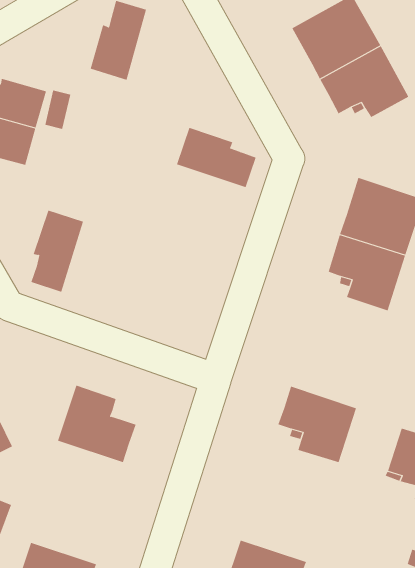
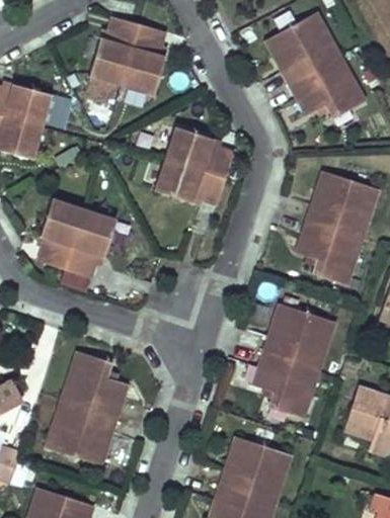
building: none -> [121,24,166,95]
building: none -> [152,159,224,206]
building: none -> [64,208,115,278]
building: none -> [262,303,336,370]
building: none -> [45,399,118,465]
building: none -> [219,436,292,504]

